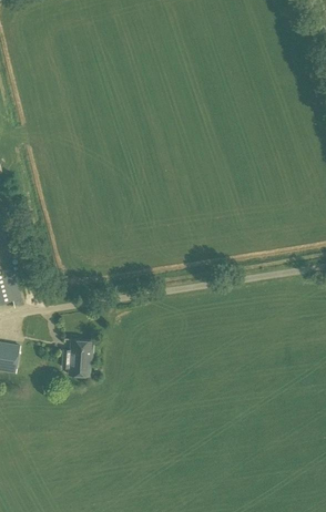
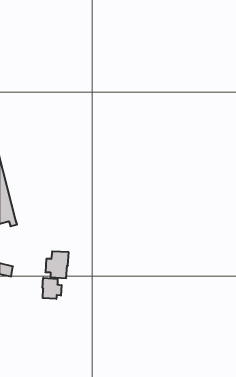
building: none -> [43,278,62,299]

